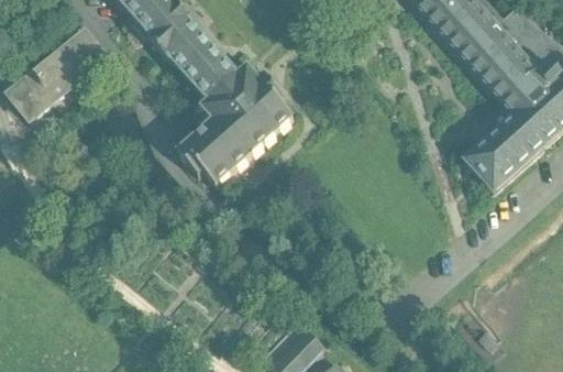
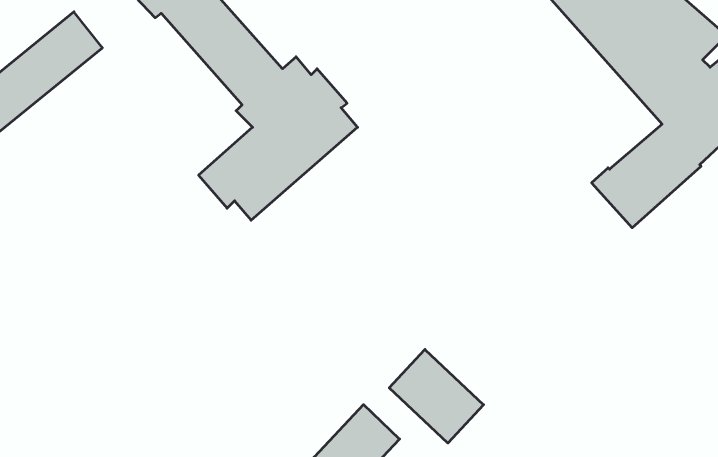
building: none -> [389,349,484,443]

